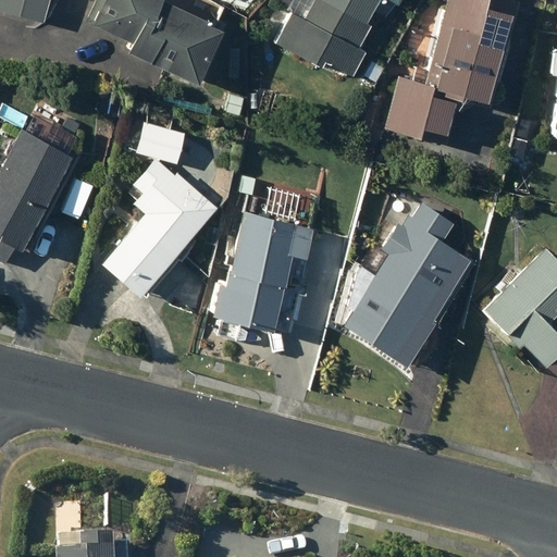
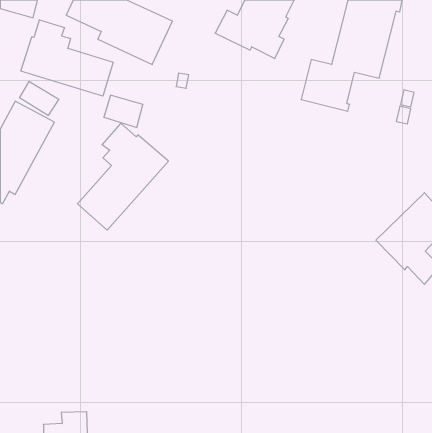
building: none -> [21,20,113,96]
building: [345,203,472,364] -> none
building: [212,211,312,331] -> none

